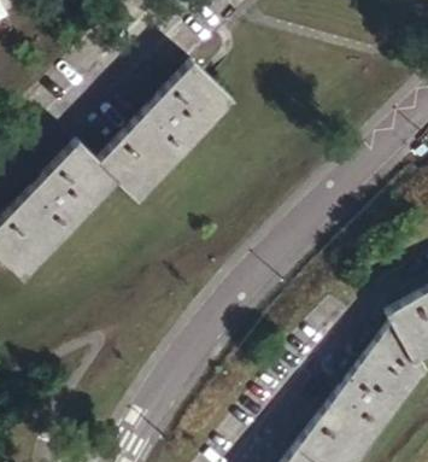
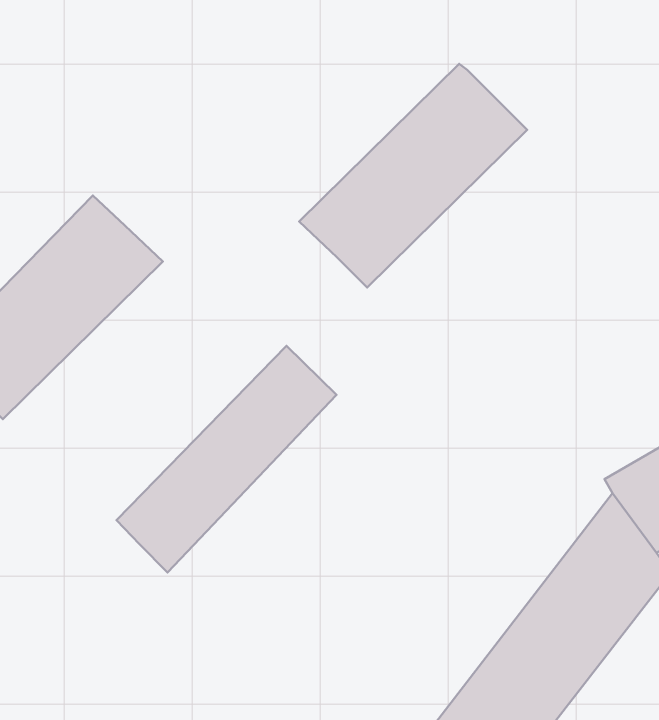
building: [96,64,234,199] -> [299,64,527,288]
building: none -> [116,346,336,573]

